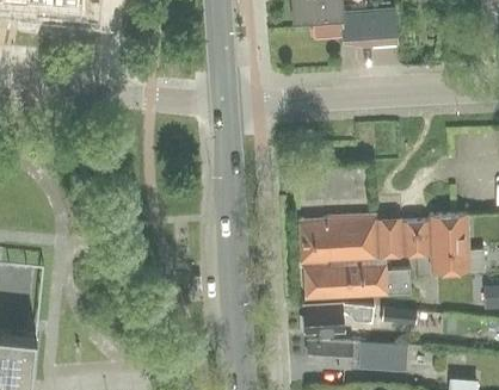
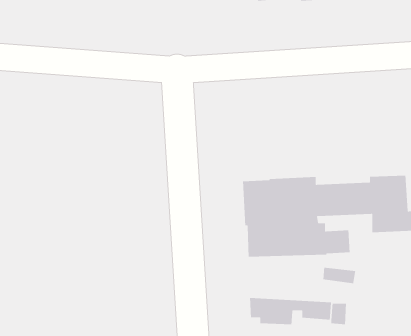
building: [303,303,369,333] -> none

